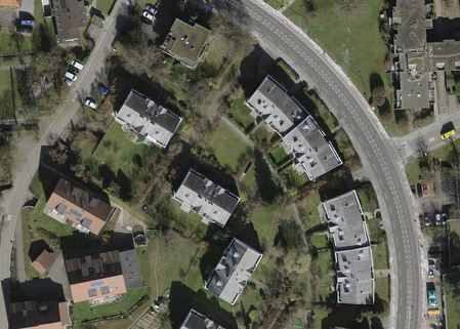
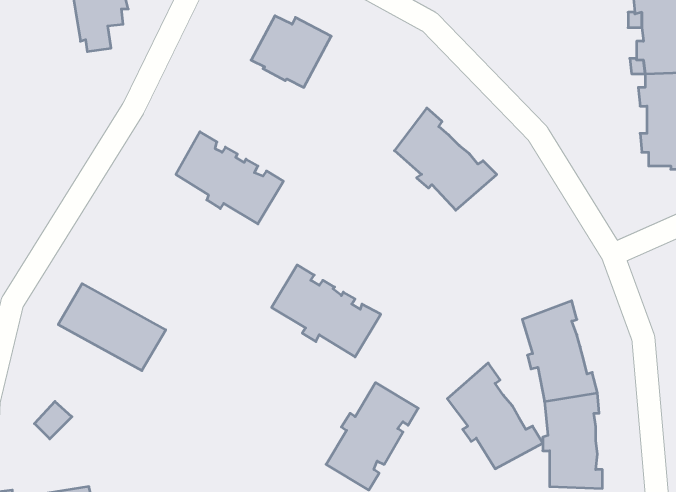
building: [285,114,342,177] -> [447,363,543,469]
building: [67,249,140,299] -> none

